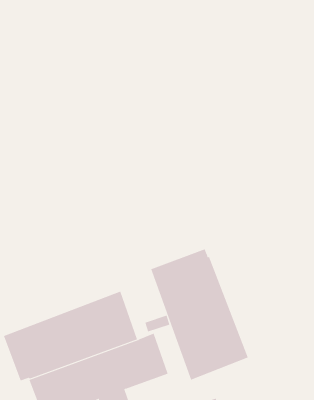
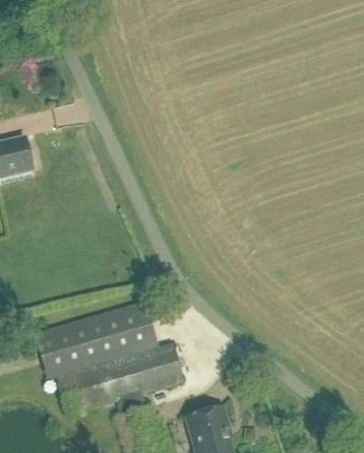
building: [150,249,249,380] -> none

